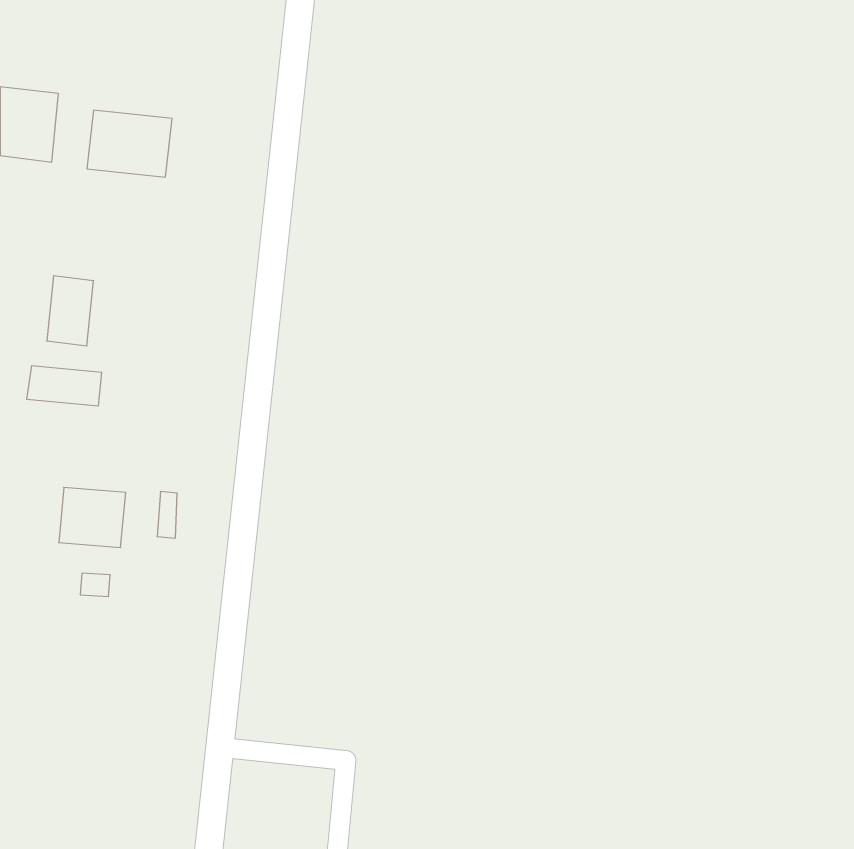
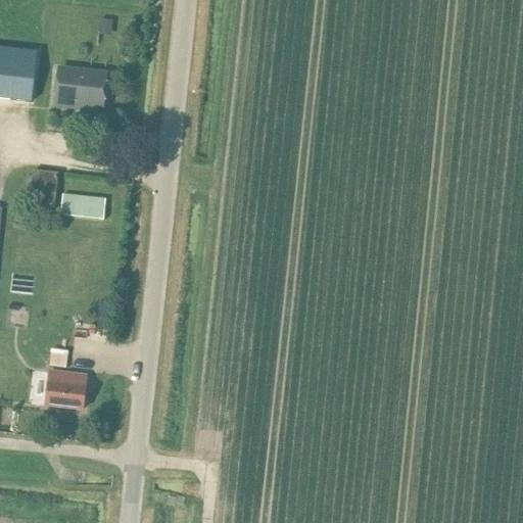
building: [27,366,102,406] -> [59,193,105,218]
building: [59,487,126,548] -> [45,370,86,407]

